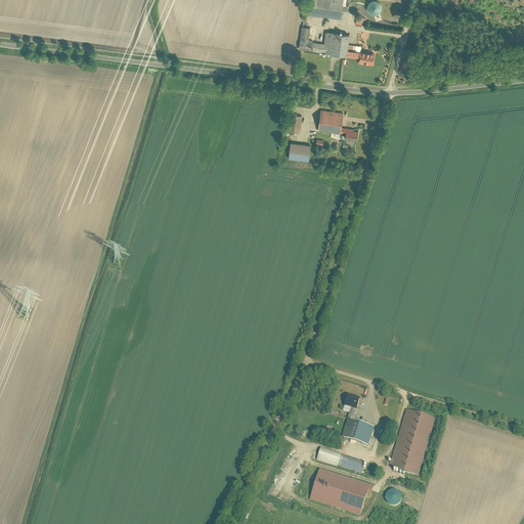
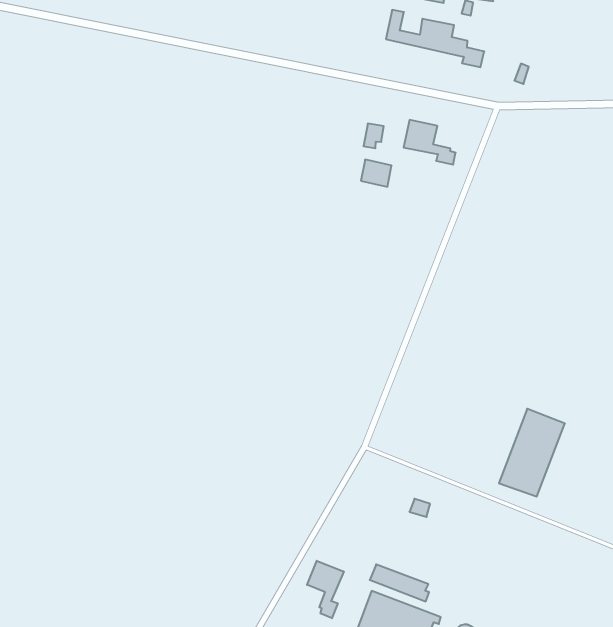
building: [388,409,435,476] -> [499,409,565,497]
building: [340,418,375,446] -> none
building: none -> [307,561,344,618]

